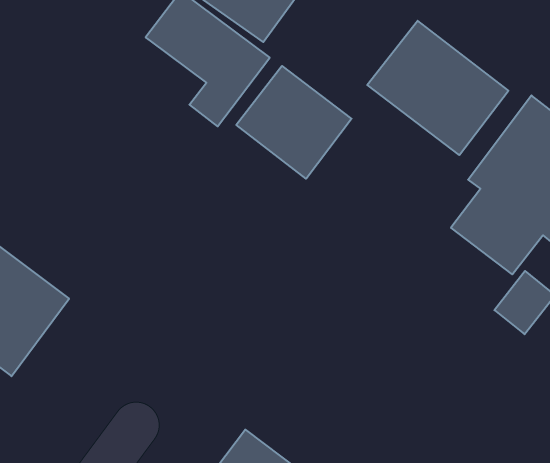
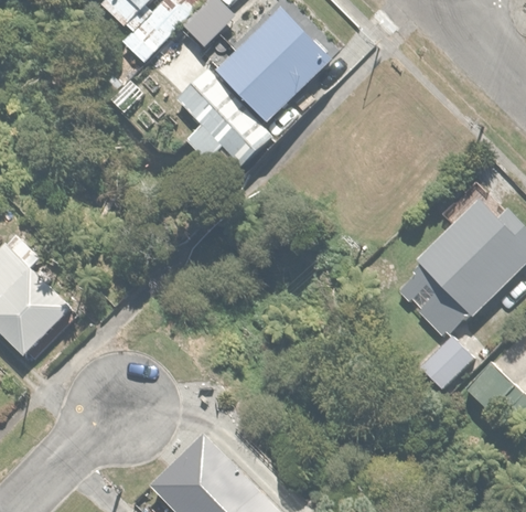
building: [367,21,508,155] -> none
building: [236,66,352,179] -> none

